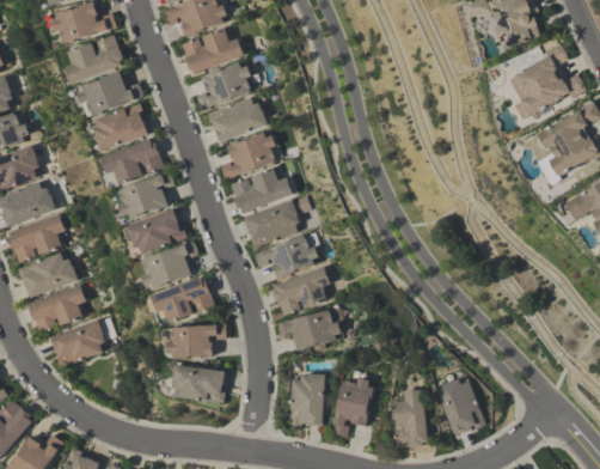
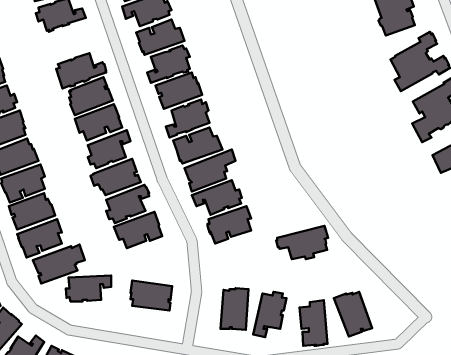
building: [67,34,123,83] -> none
building: [276,307,343,351] -> [276,226,328,259]
building: [167,324,226,358] -> [66,276,111,302]

